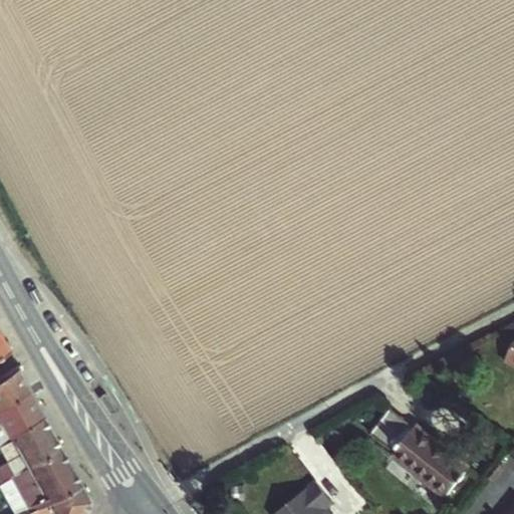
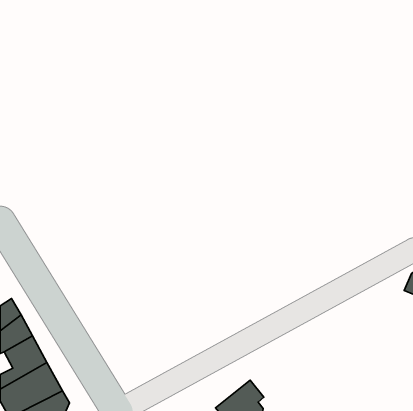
building: [374,415,475,503] -> none

